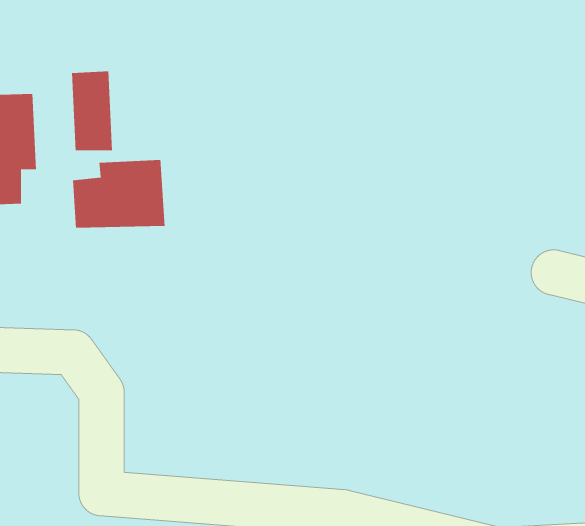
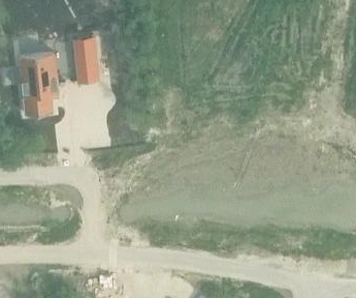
building: [73,159,165,229] -> none

